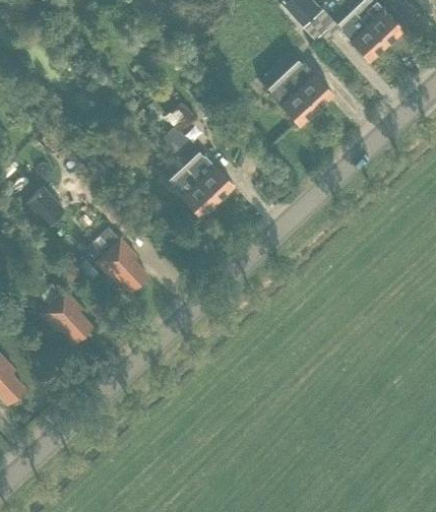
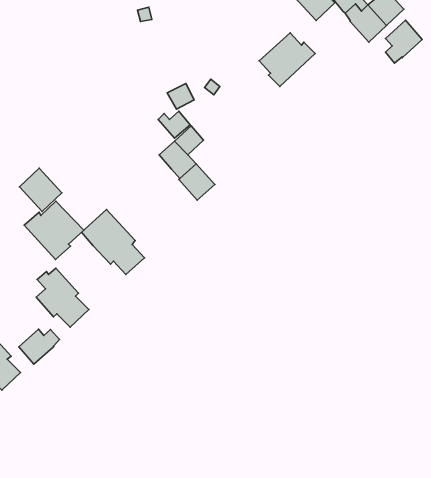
building: none -> [385,20,422,63]
building: [282,74,334,127] -> none
building: [191,158,235,203] -> none
building: none -> [24,201,84,259]
building: none -> [19,329,59,364]

